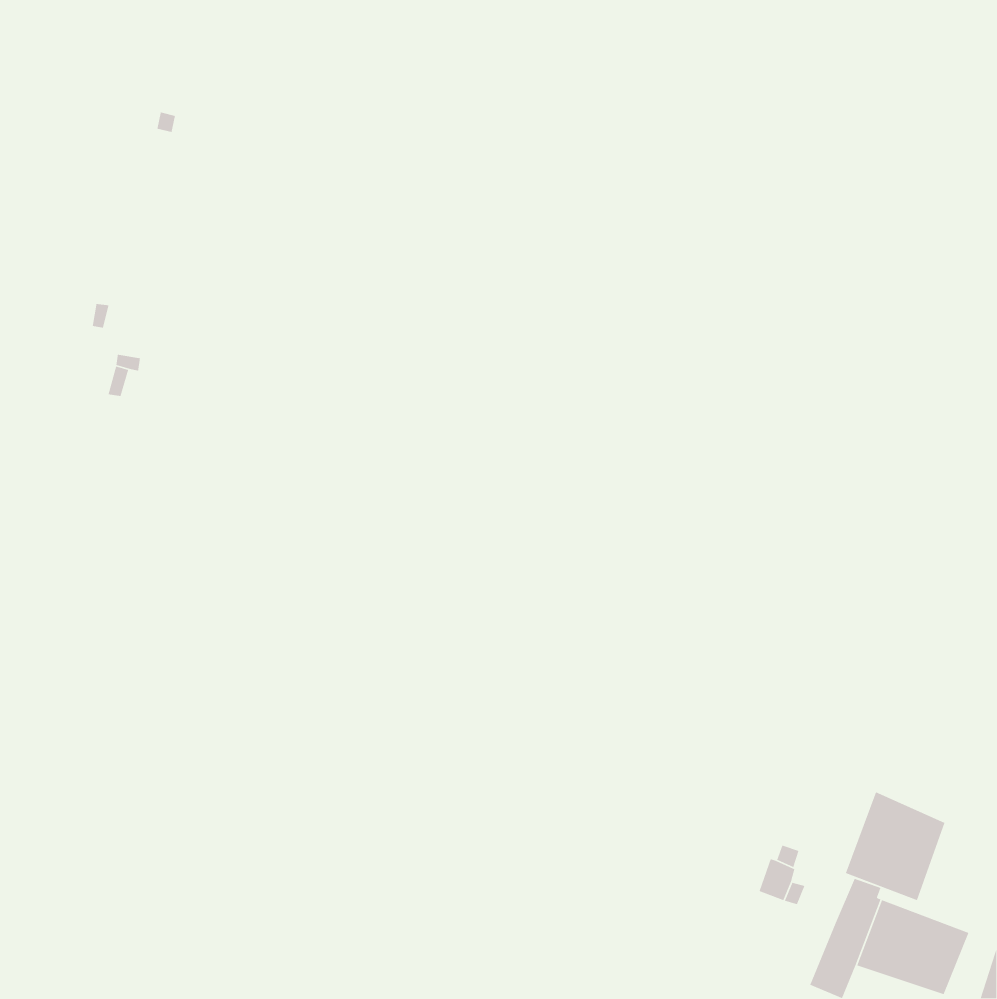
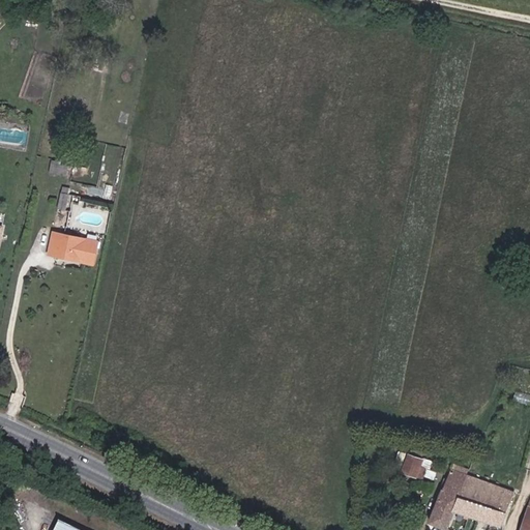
building: none -> [48,233,96,264]
building: [845,791,946,901] -> none

